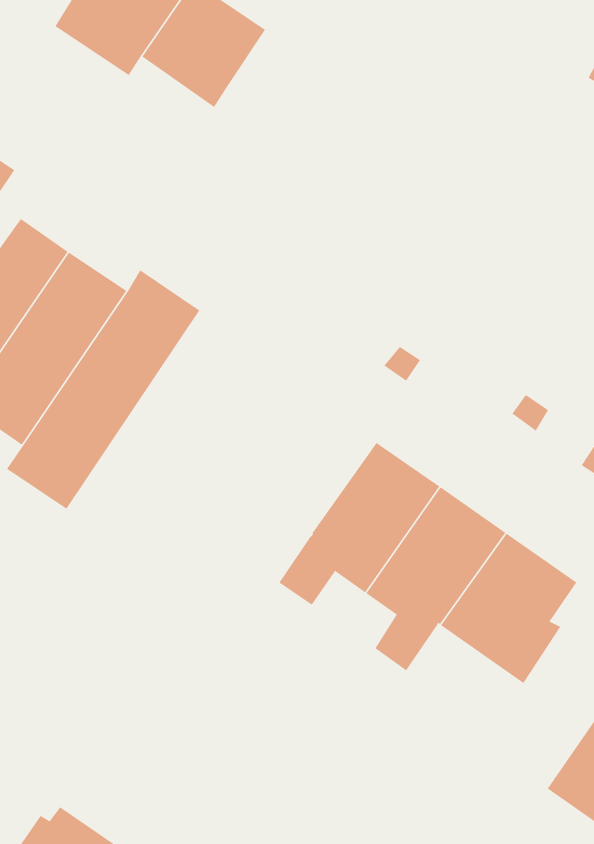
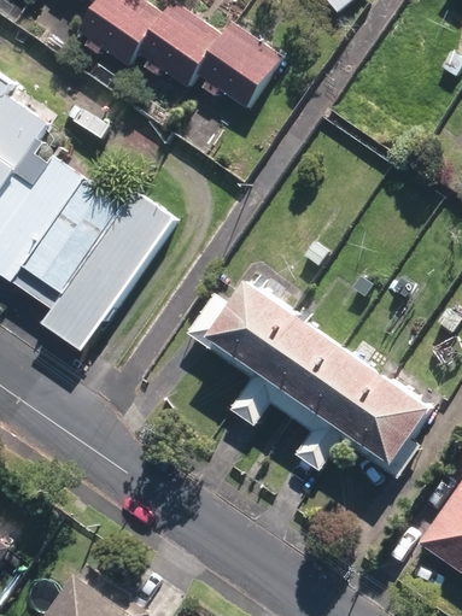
building: none -> [195,19,283,107]
building: none -> [188,280,297,375]

